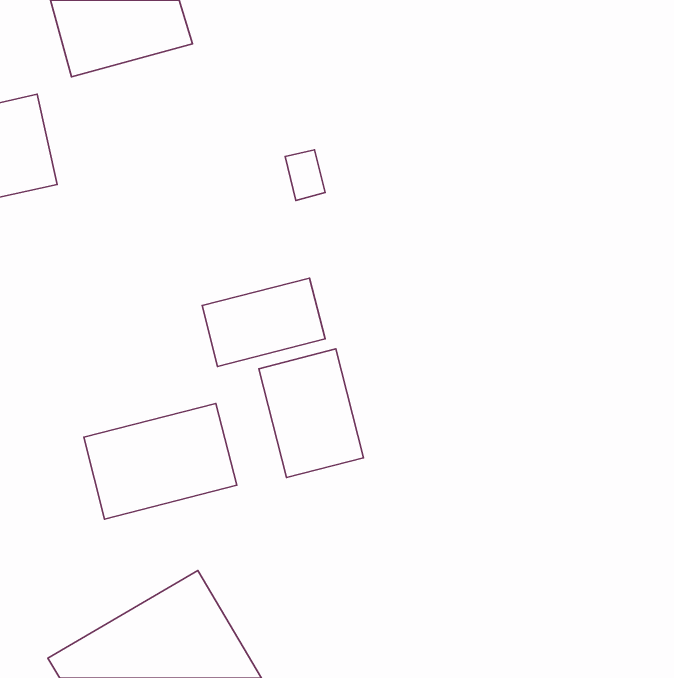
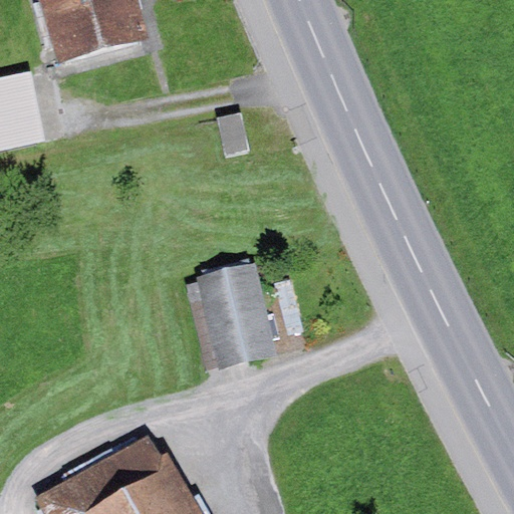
building: [202,278,325,366] -> none
building: [84,403,237,519] -> none

